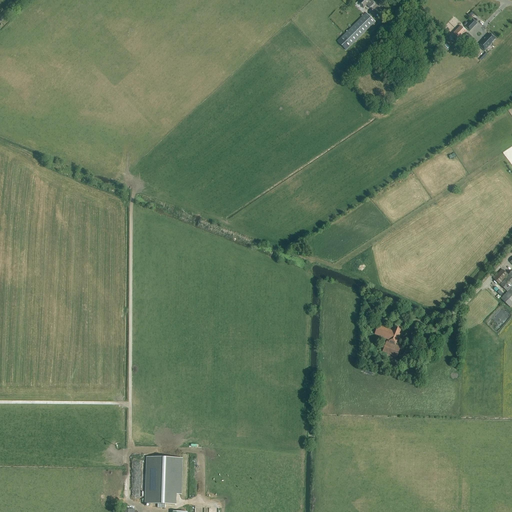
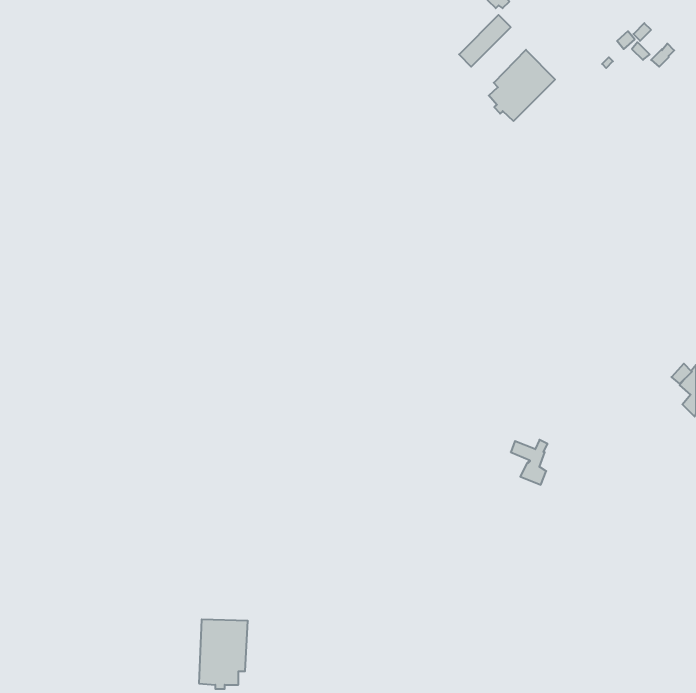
building: none -> [489,50,555,121]

